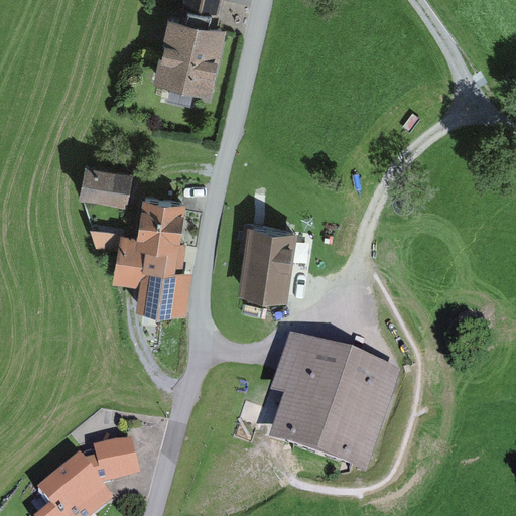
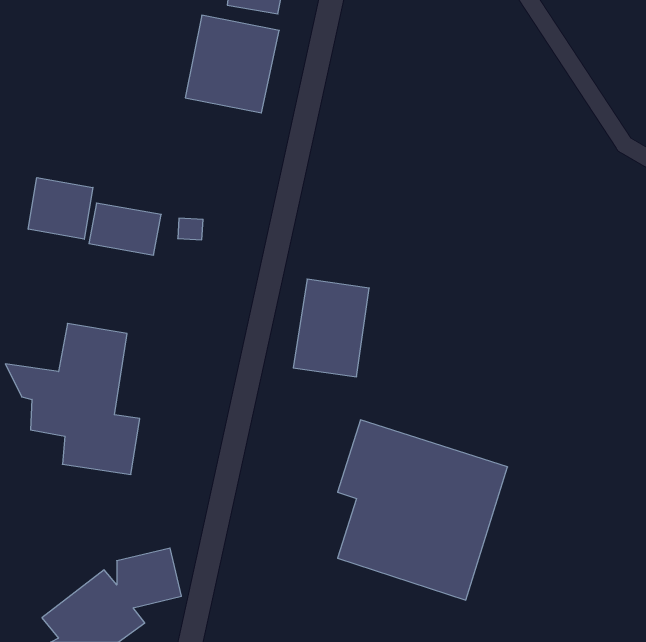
building: none -> [28,178,93,239]
building: [89,194,196,313] -> [5,323,140,474]

